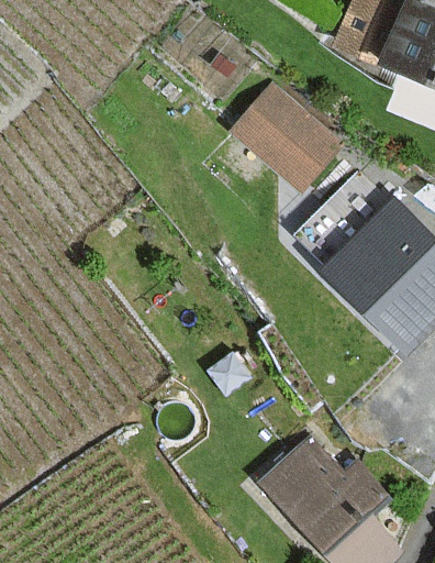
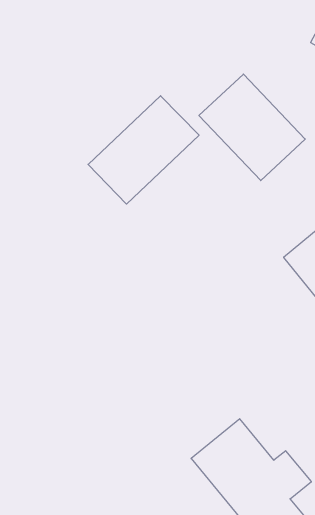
building: none -> [88,96,199,204]

